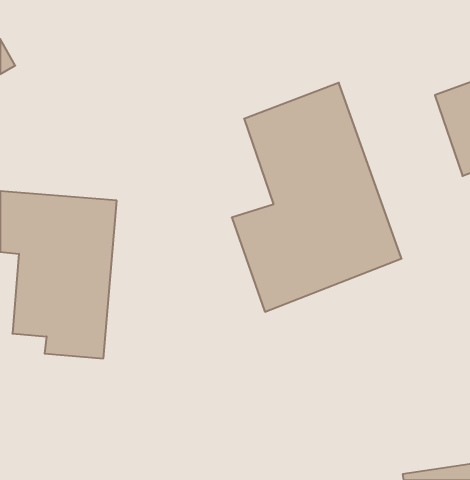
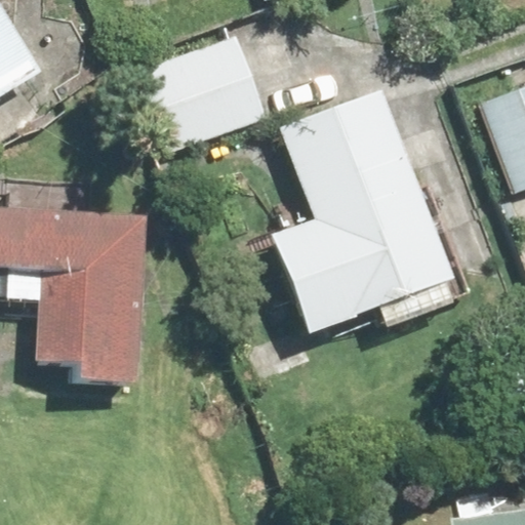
building: none -> [143,37,270,150]

